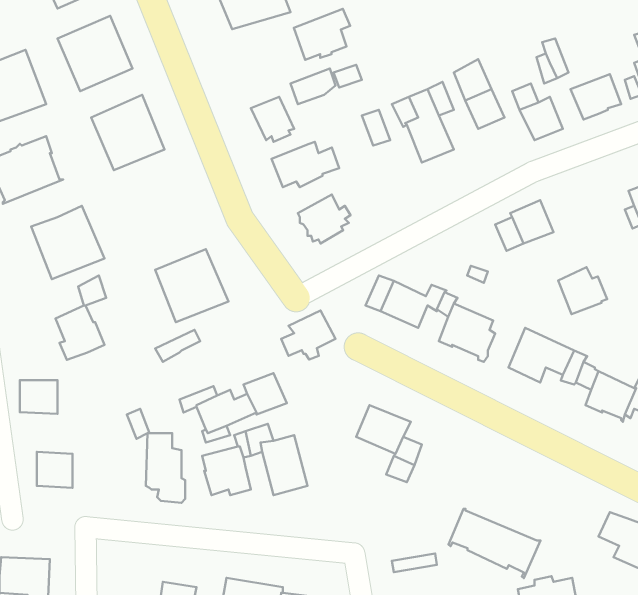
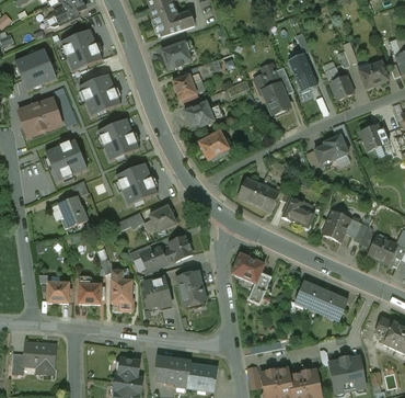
building: [294,9,350,60] -> [161,39,194,69]
building: none -> [96,117,140,161]
building: [558,267,607,314] -> [360,124,389,151]
building: [281,311,336,360] -> [144,206,176,235]
building: [20,380,58,414] -> [79,284,101,304]
building: [449,509,541,578] -> [294,281,348,321]

